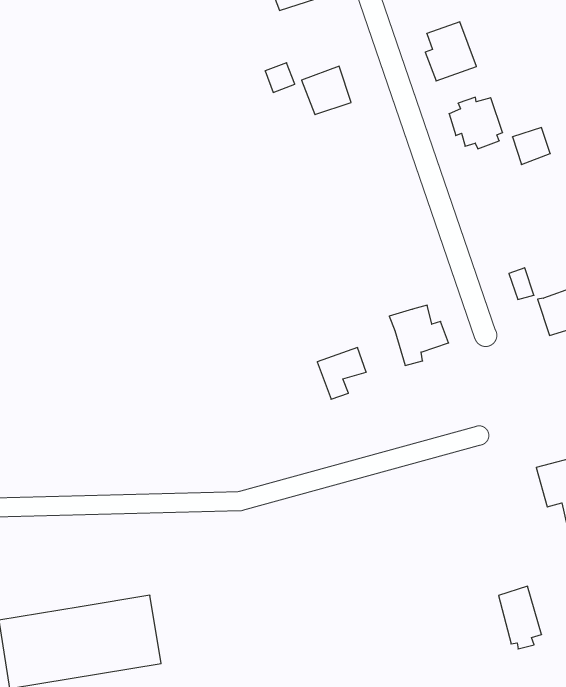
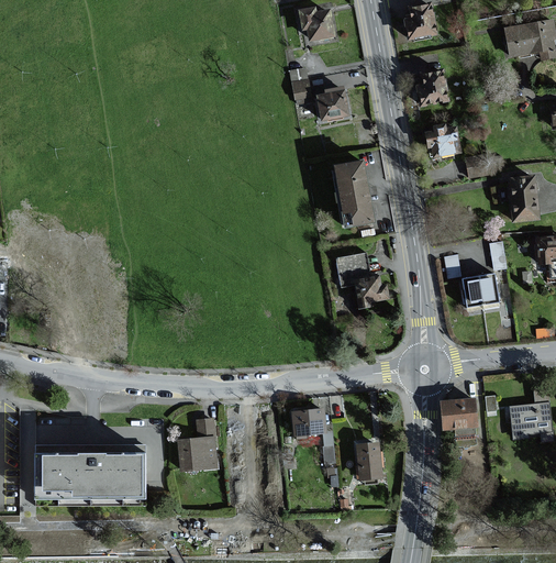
building: none -> [335,159,376,225]
building: [317,348,366,399] -> [335,253,369,287]
building: none -> [292,407,327,435]
building: none -> [178,418,219,471]
building: [499,586,542,649] -> [356,441,382,485]

